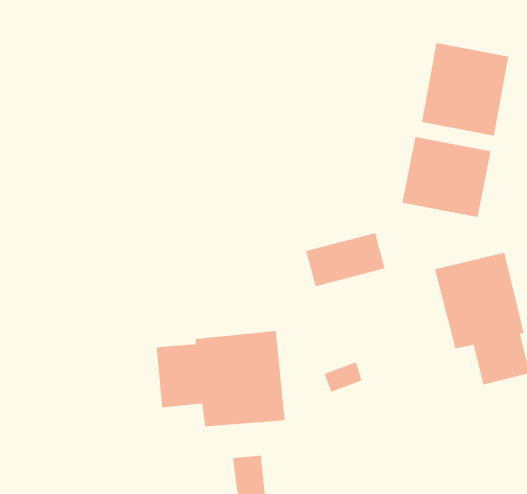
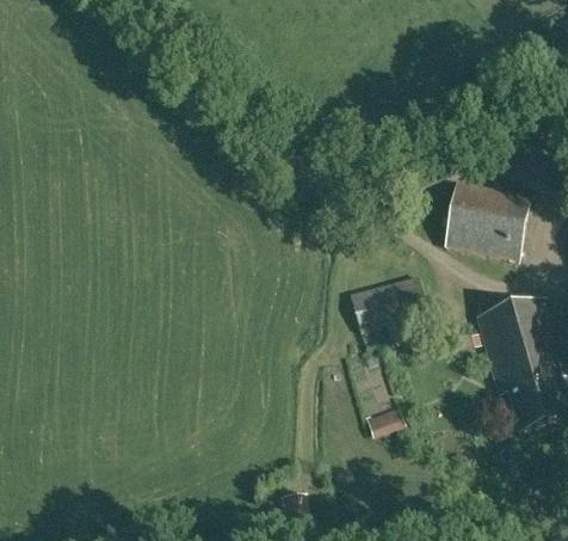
building: [421,42,509,136] -> none
building: [156,330,286,427] -> none

